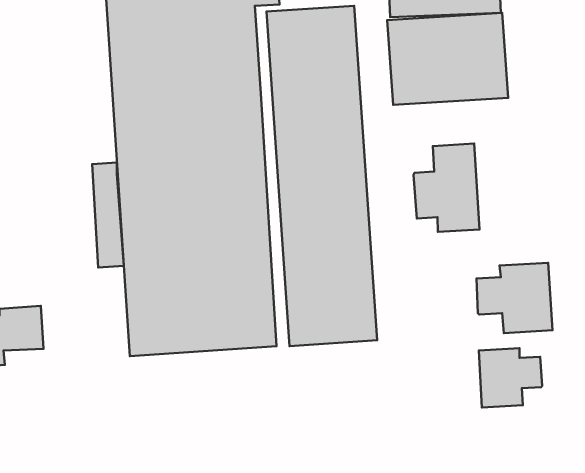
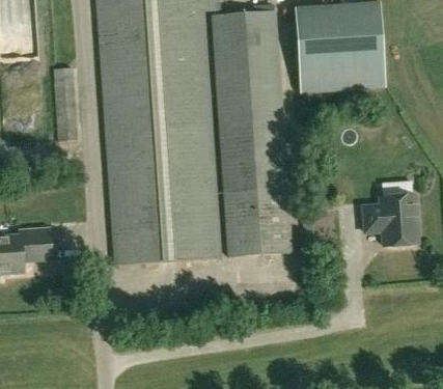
building: [413,143,479,232] -> none
building: [92,163,124,267] -> [53,66,76,142]
building: [479,348,542,408] -> none

